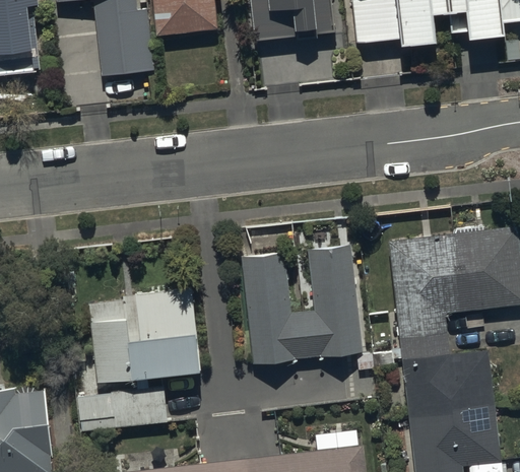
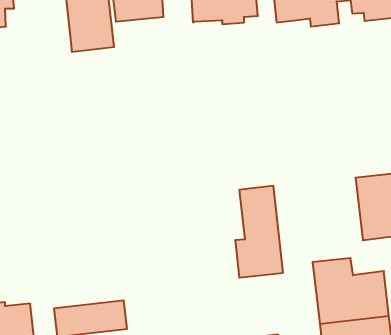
building: [389,234,463,340] -> none
building: [243,254,309,364] -> none
building: [89,289,202,386] -> none

